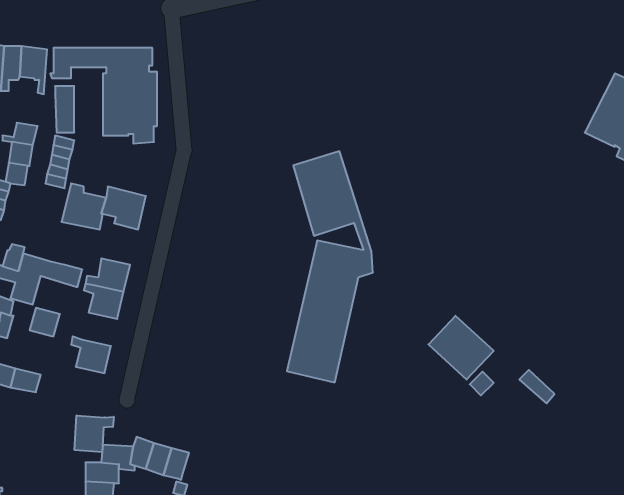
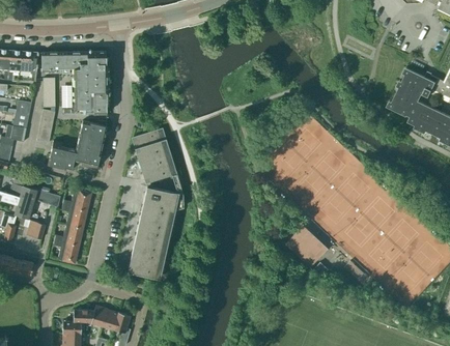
building: [287,151,373,382] -> [128,128,184,279]
building: none -> [77,120,106,148]
building: none -> [54,224,83,246]
building: [75,415,114,452] -> none

